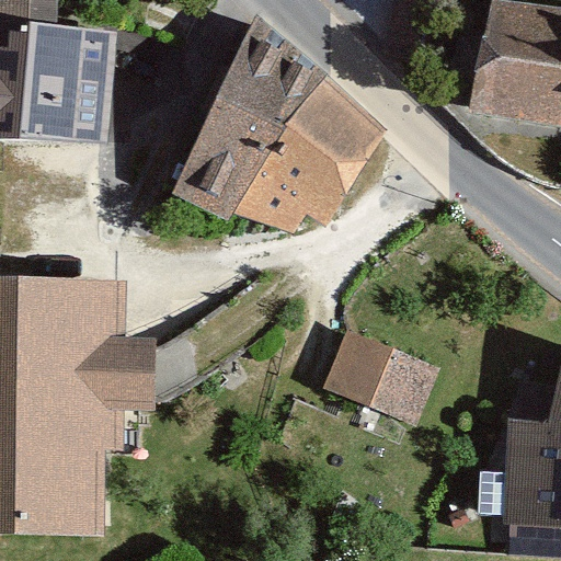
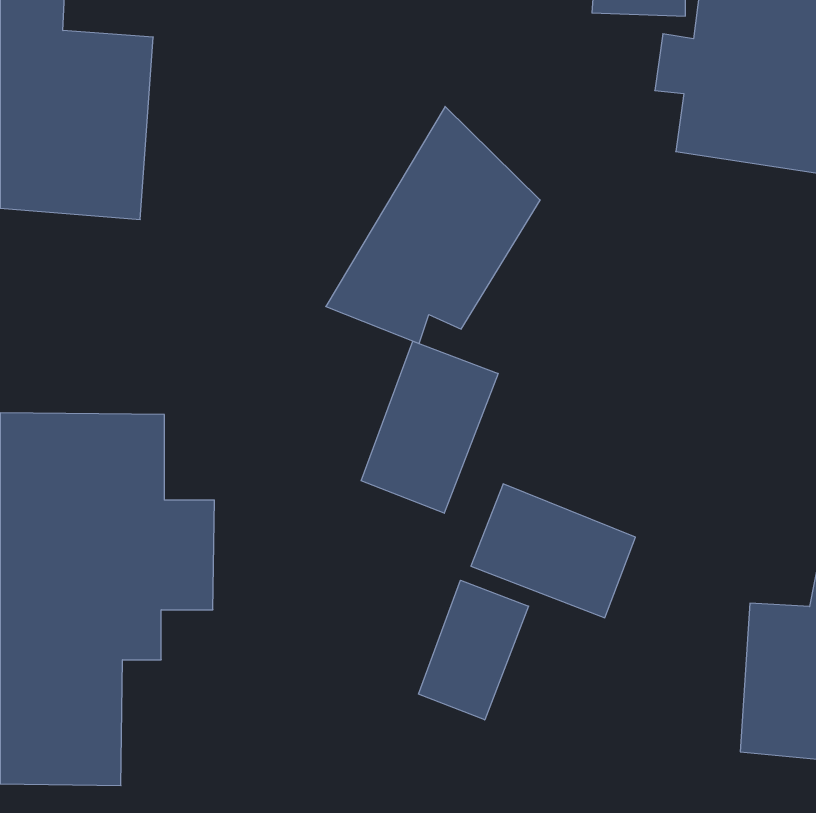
building: [158,14,308,220] -> none
building: none -> [361,341,498,513]
building: none -> [419,580,529,720]

